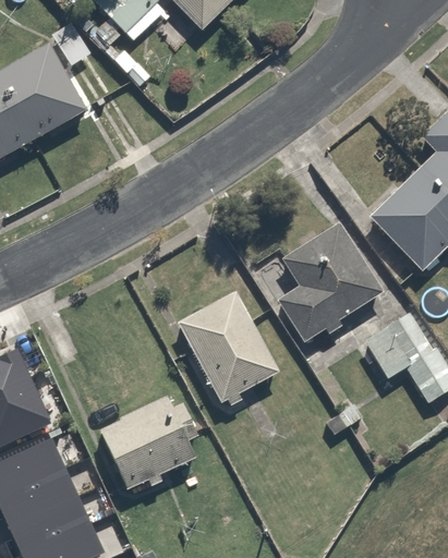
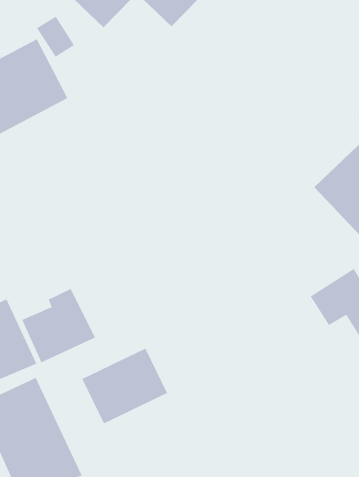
building: [276,219,385,343] -> none
building: [178,293,280,405] -> none
building: none -> [22,288,96,363]

